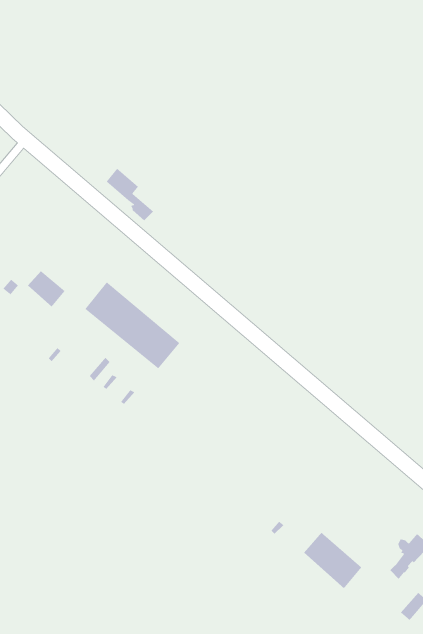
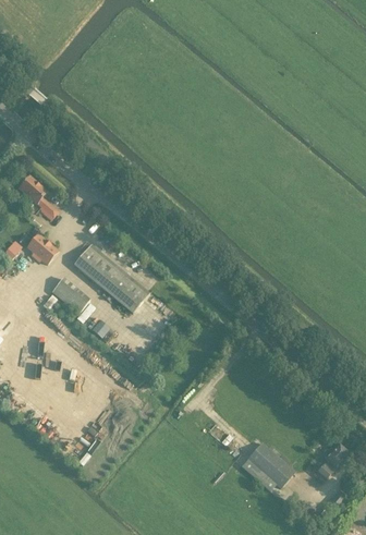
building: [106,168,154,221] -> [20,177,58,219]
building: none -> [50,277,89,314]

